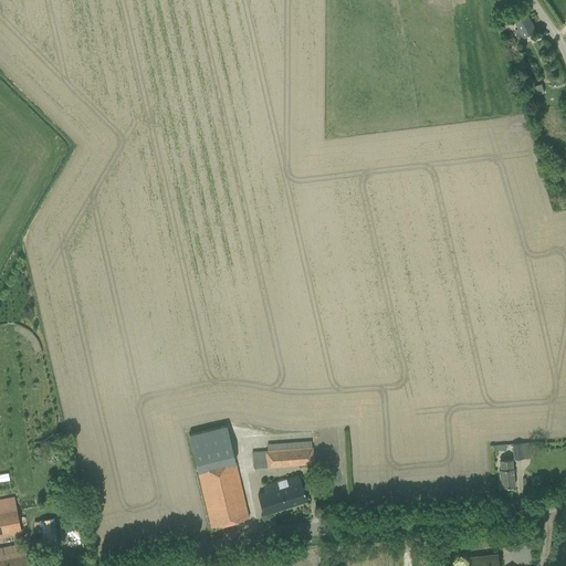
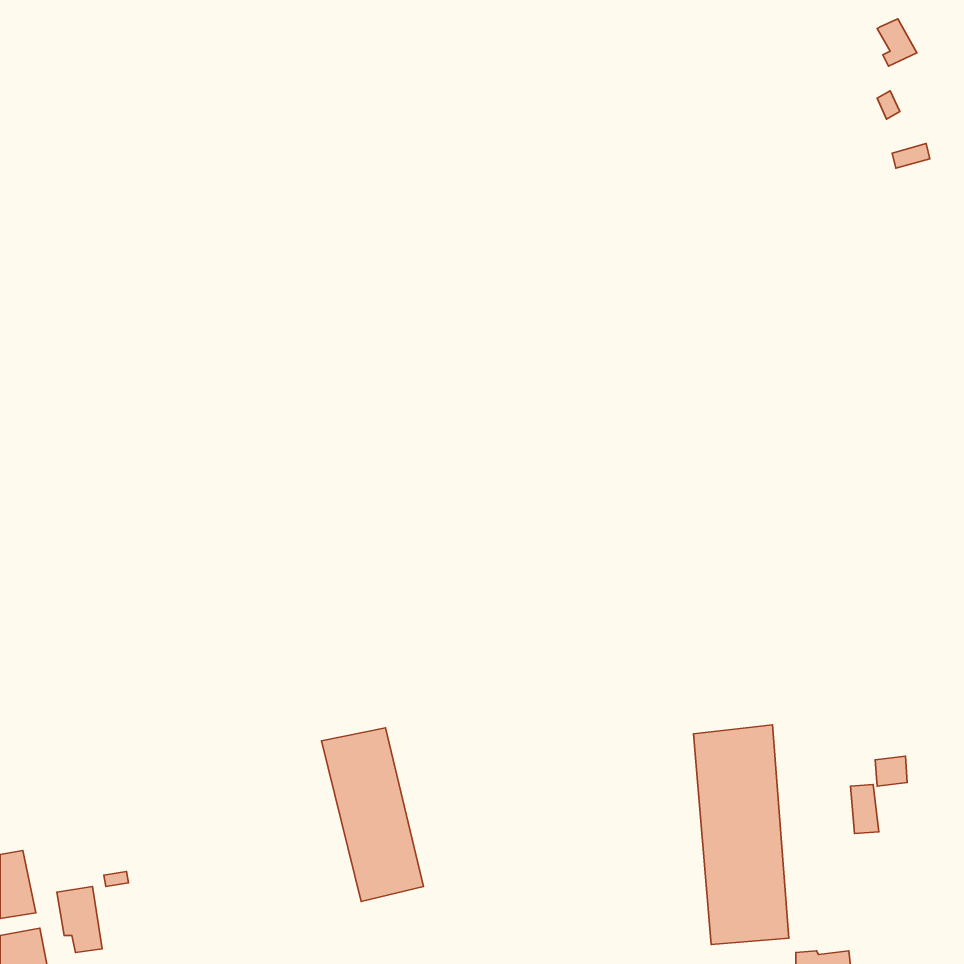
building: none -> [693,725,789,944]
building: [252,442,314,468] -> none
building: [258,475,307,515] -> none

